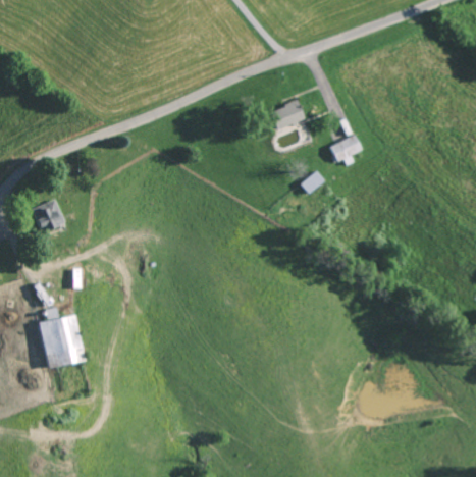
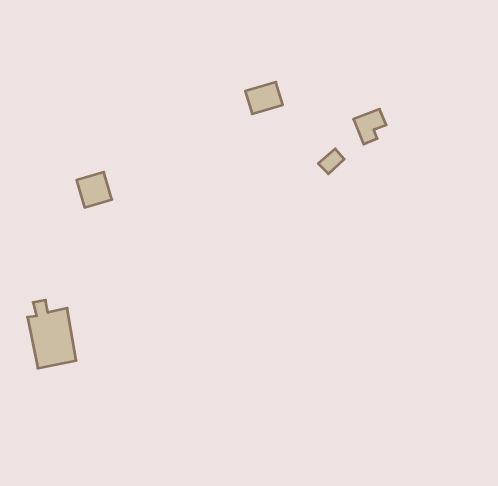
building: [270,101,304,129] -> [245,82,283,114]
building: [32,200,63,231] -> [77,172,112,207]

